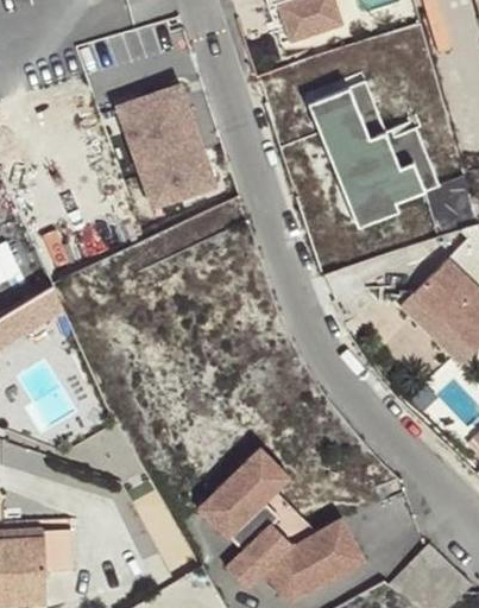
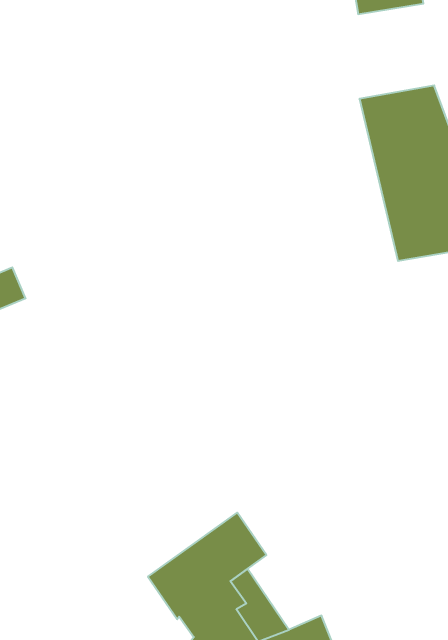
building: [115,74,220,209] -> none

